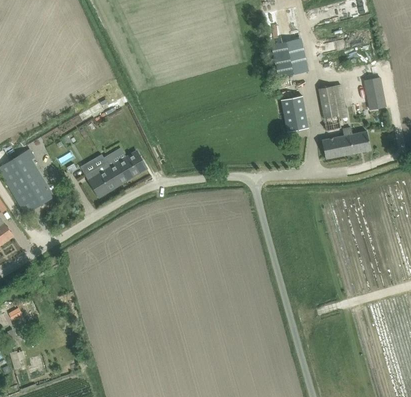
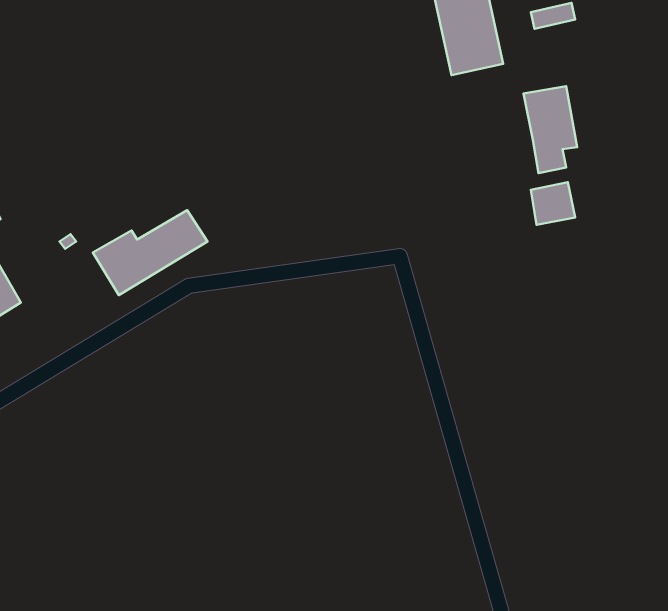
building: [365,77,386,109] -> none
building: [281,96,308,132] -> none
building: [342,128,371,155] -> none

